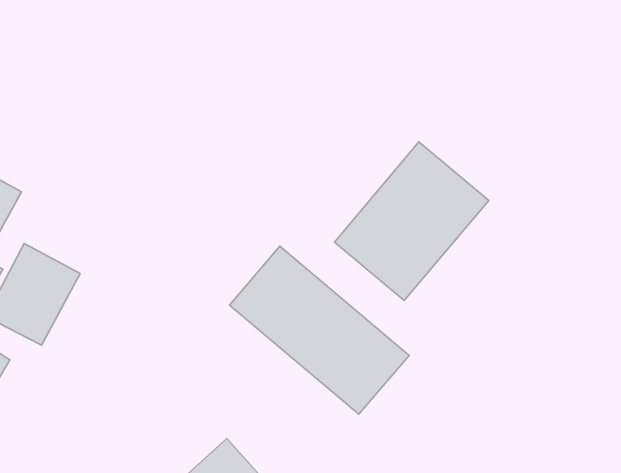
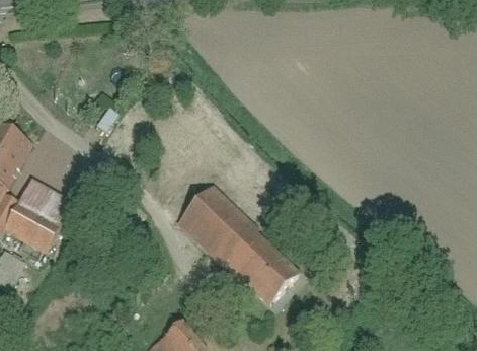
building: [334,142,489,300] -> none

